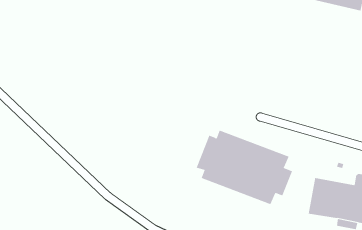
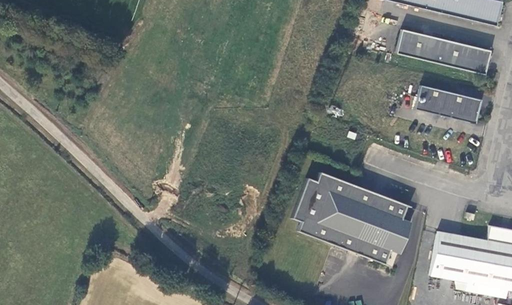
building: none -> [396,28,490,74]
building: none -> [416,83,482,121]

